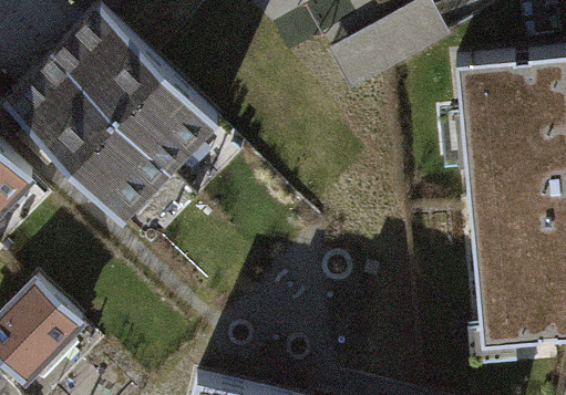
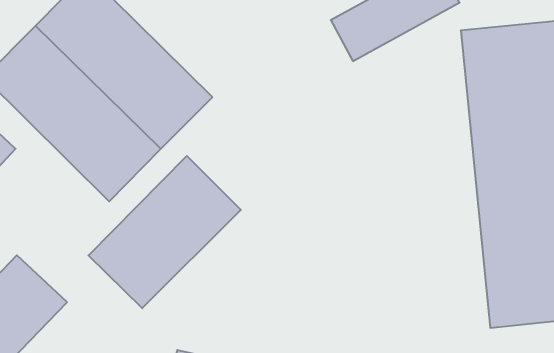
building: none -> [88,156,241,308]

